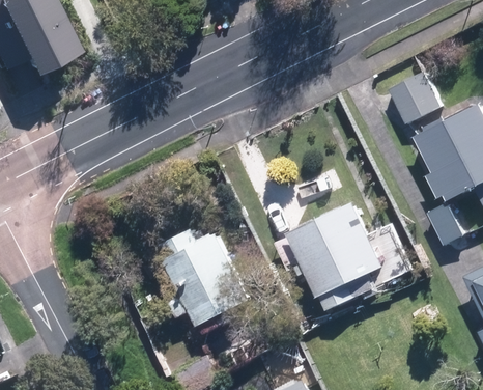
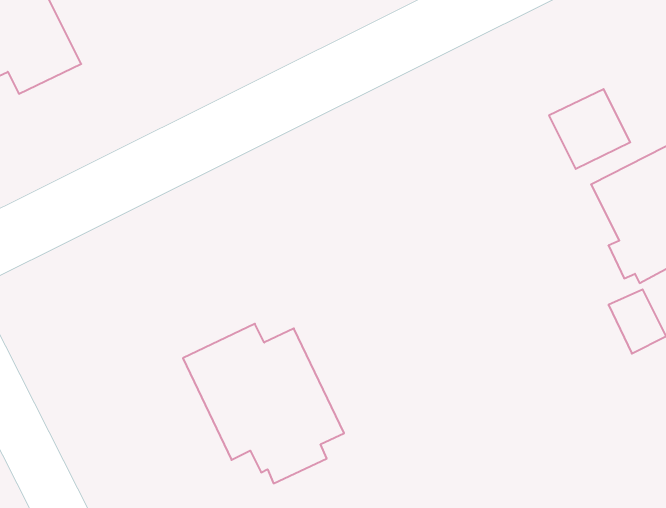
building: [287,201,410,310] -> none

